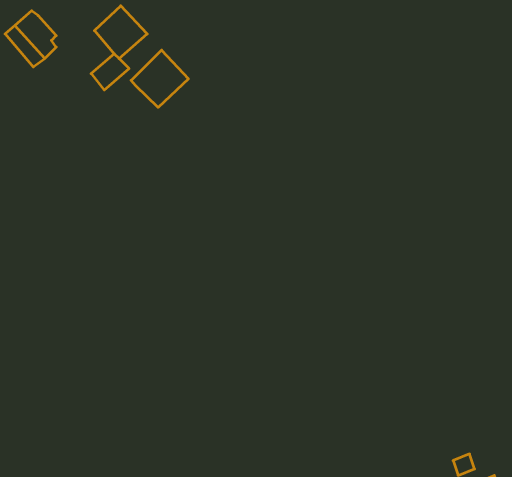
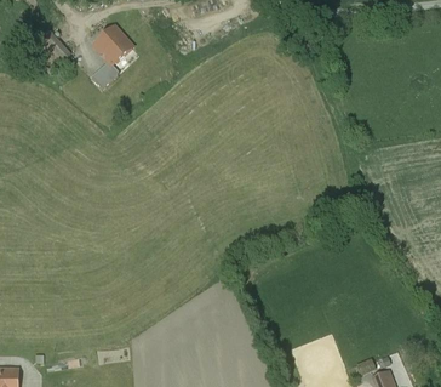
building: [131,50,188,107] -> none

